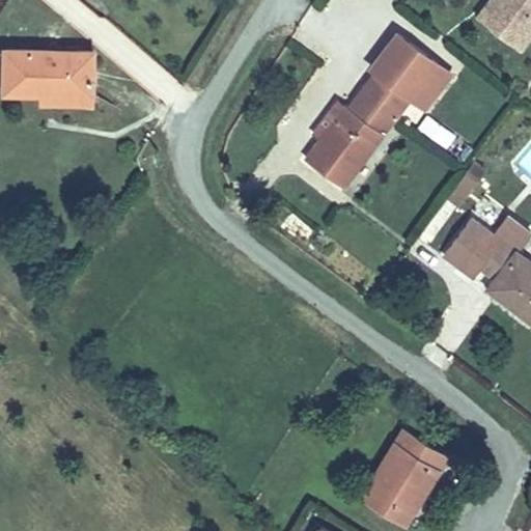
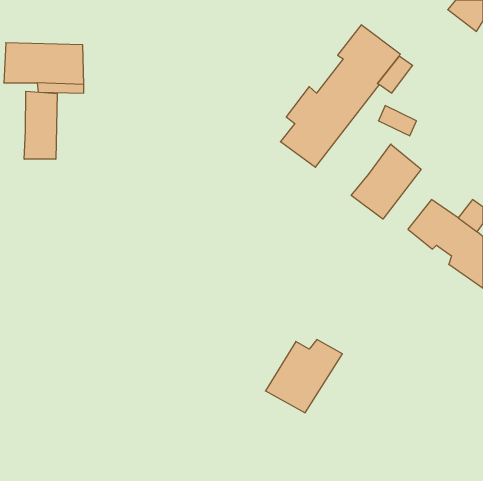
building: none -> [24,91,57,159]
building: none -> [351,144,421,219]
building: [362,444,446,524] -> [265,340,342,413]

